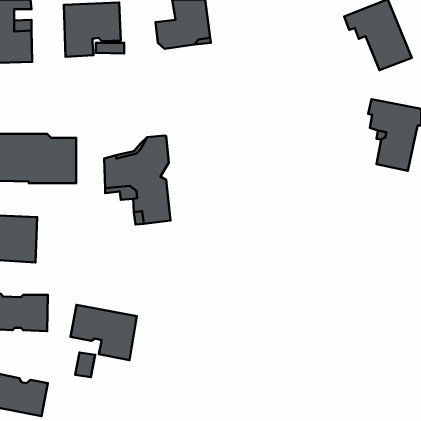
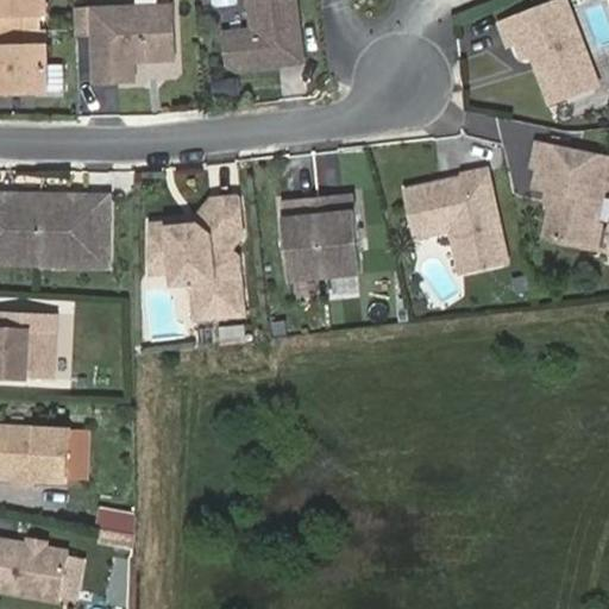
building: none -> [407,174,507,275]
building: none -> [282,199,363,282]
building: [71,305,137,360] -> none

